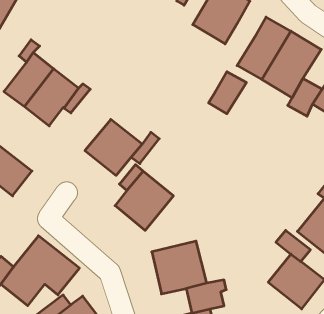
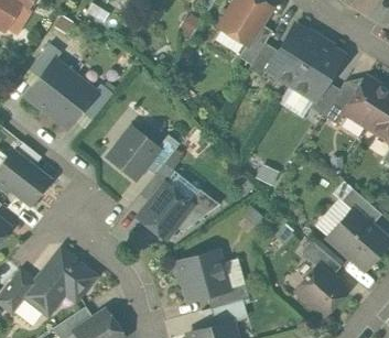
building: [209,72,246,114] -> [244,28,282,70]

